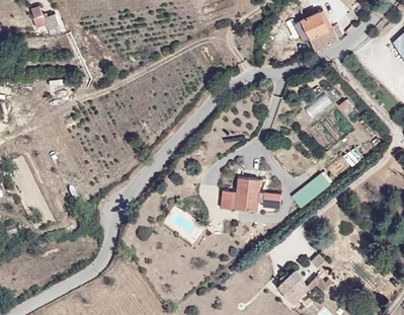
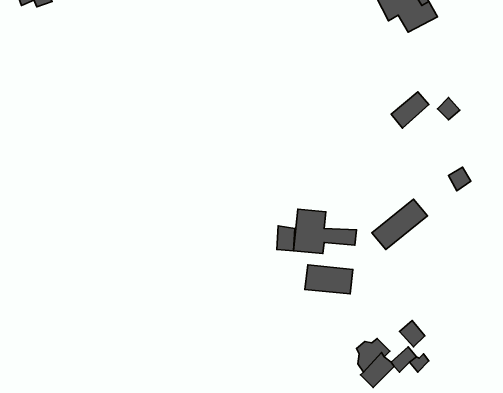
building: none -> [305,265,353,294]

